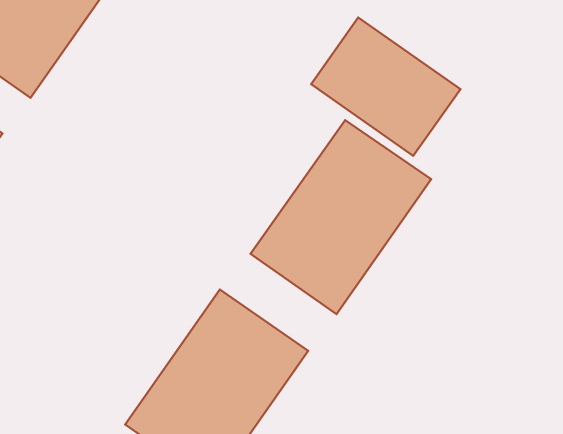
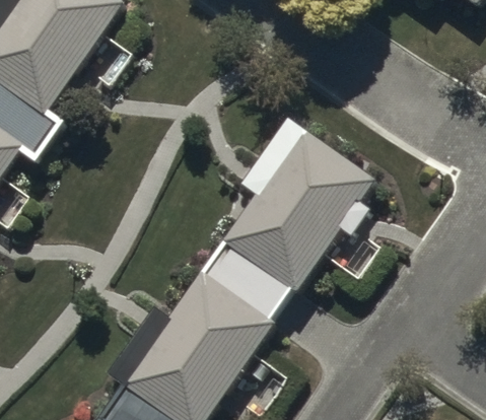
building: [311,18,460,156] -> none

